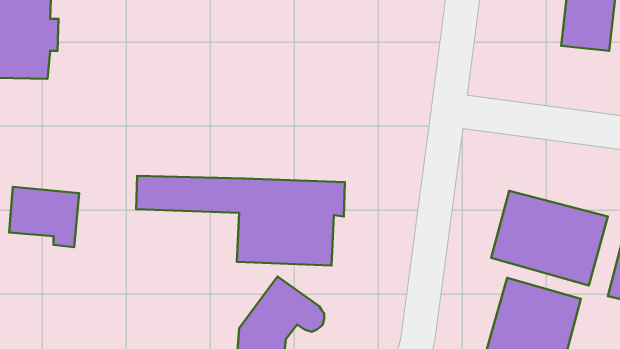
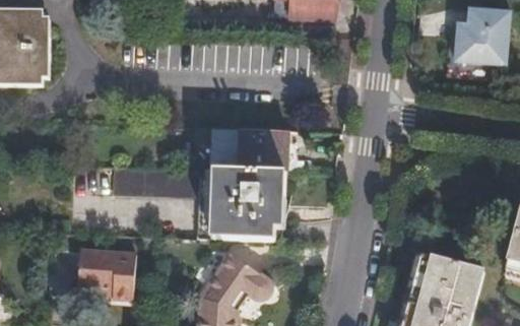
building: none -> [205,127,290,173]
building: [9,187,79,247] -> [77,248,135,298]
building: [491,191,608,286] -> none

